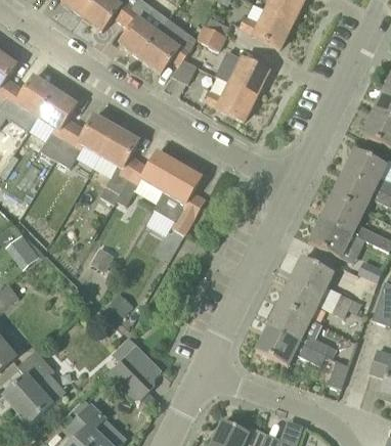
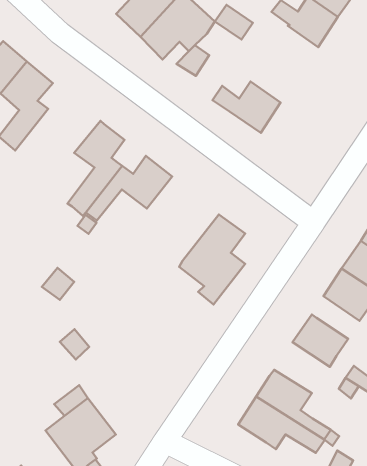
building: [216,50,268,94] -> none
building: [54,114,118,167] -> none
building: [154,163,205,233] -> [179,214,245,304]
building: [278,279,321,317] -> none

